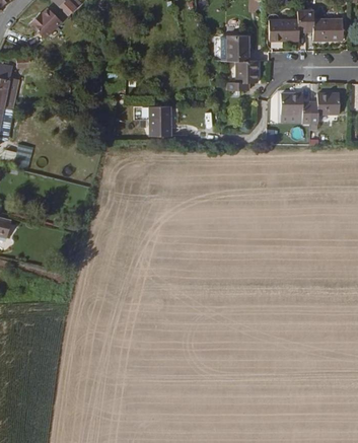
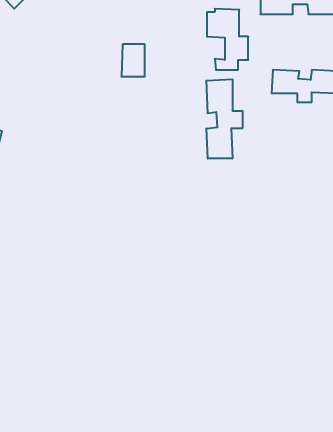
building: none -> [206,79,242,159]
building: [149,106,170,136] -> [121,44,145,77]

